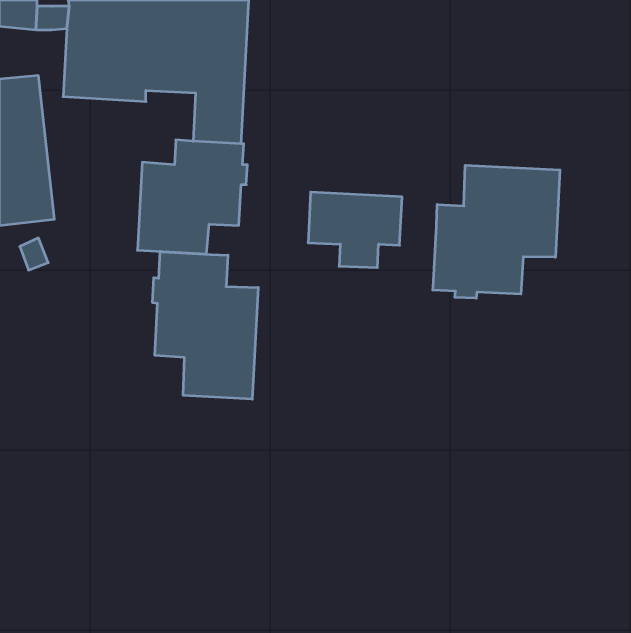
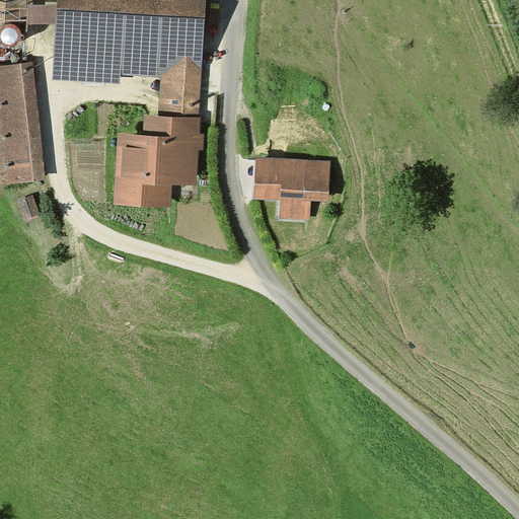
building: [433,165,560,298] -> none
building: [153,251,258,399] -> none

